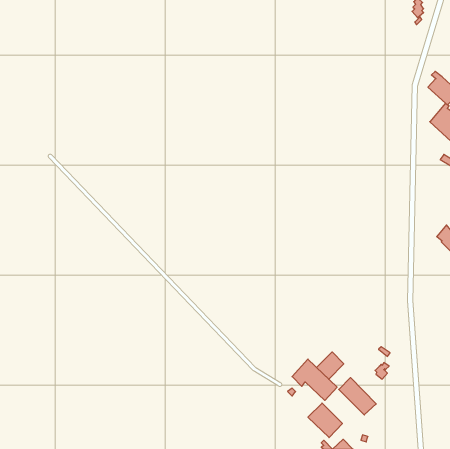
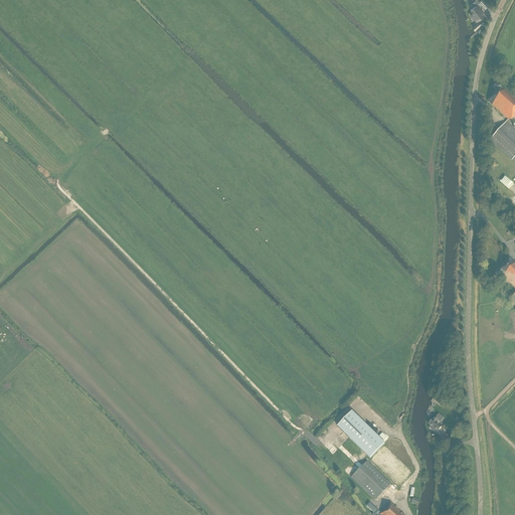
building: [317,352,344,379] -> none
building: [339,378,376,415] -> none

